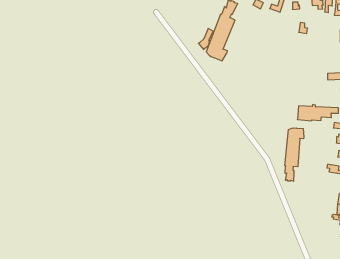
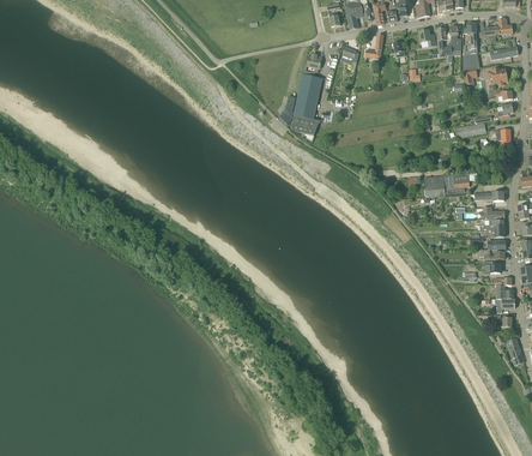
building: [285,128,304,181] -> none

